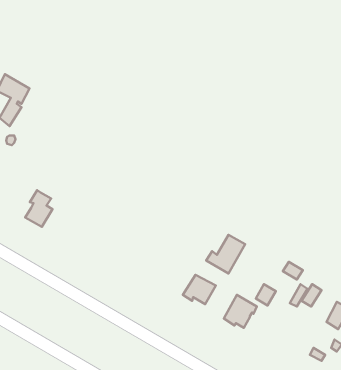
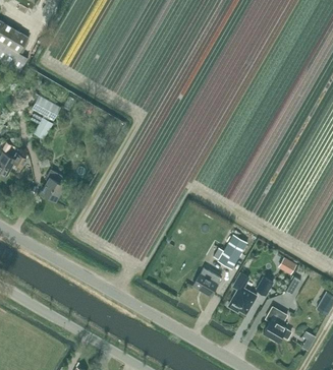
building: [25,190,52,227] -> [40,170,63,201]
building: none -> [262,308,289,343]

